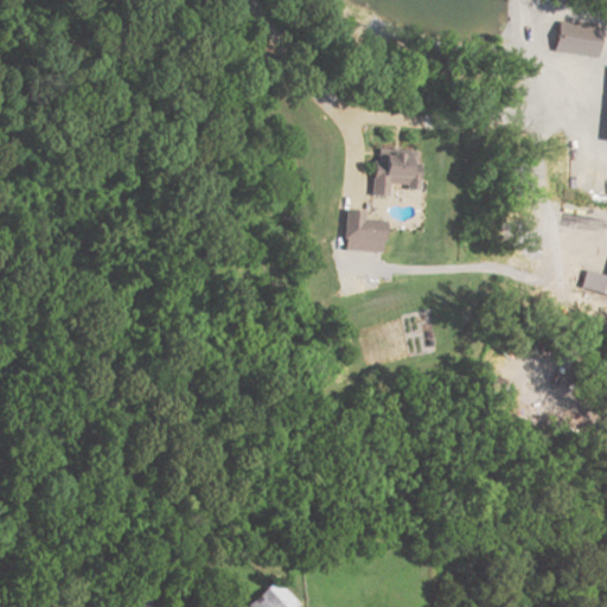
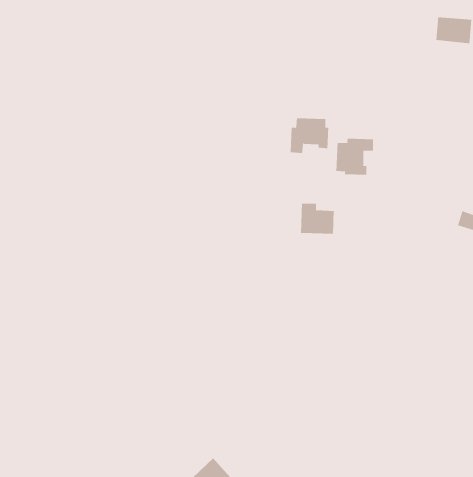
building: none -> [336,138,374,176]
building: [345,212,389,251] -> [300,203,335,234]

